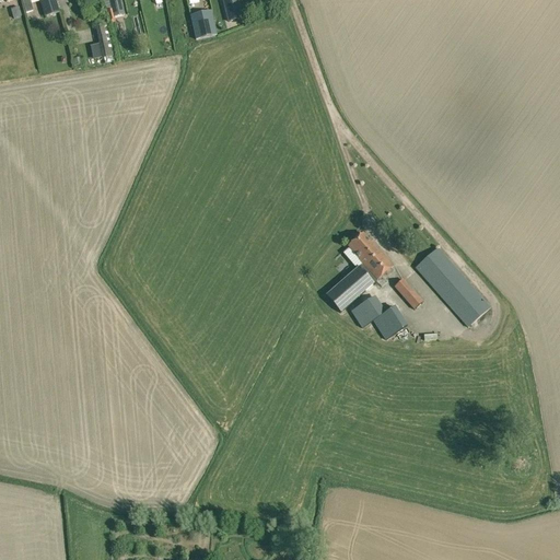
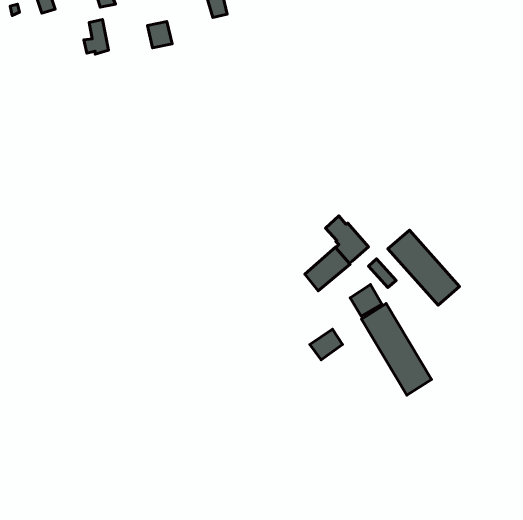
building: [190,9,217,37] -> [148,21,172,48]
building: [350,293,385,326] -> [310,329,343,360]
building: none -> [361,304,432,395]

